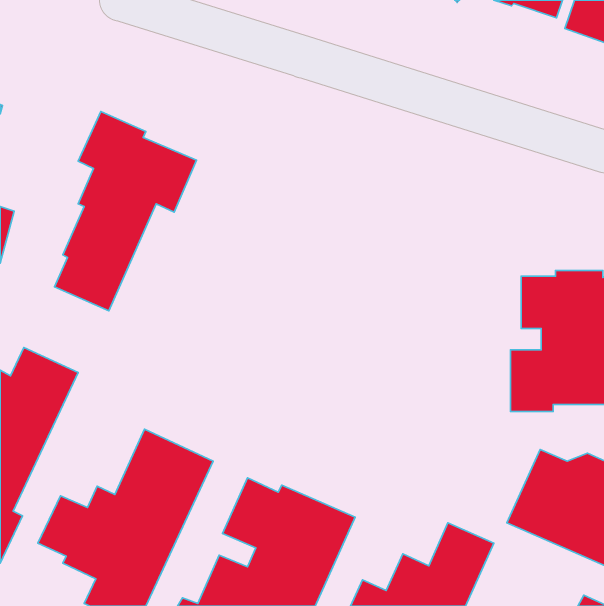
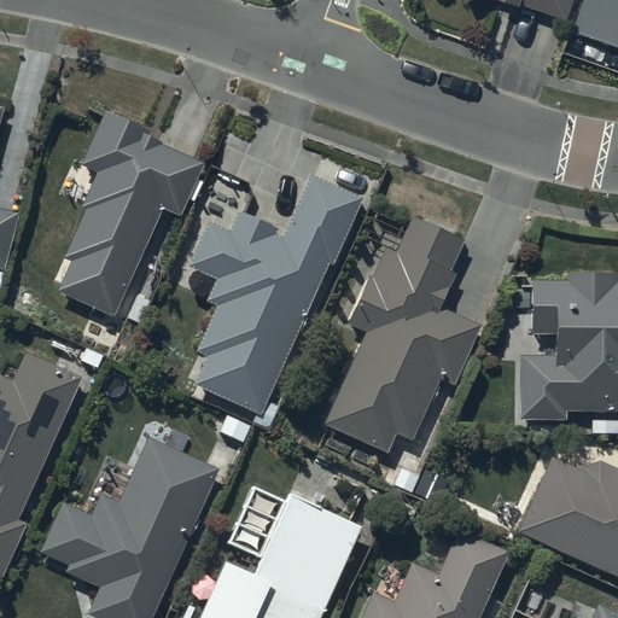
building: none -> [188,174,361,415]
building: none -> [322,215,482,455]

